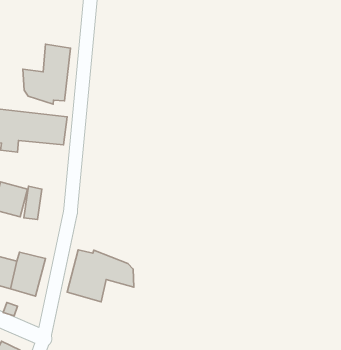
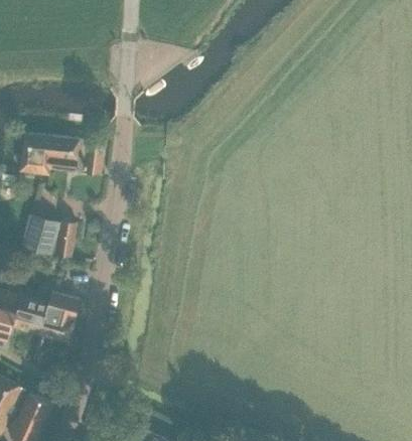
building: [23,44,70,104] -> none
building: [67,250,134,302] -> none

